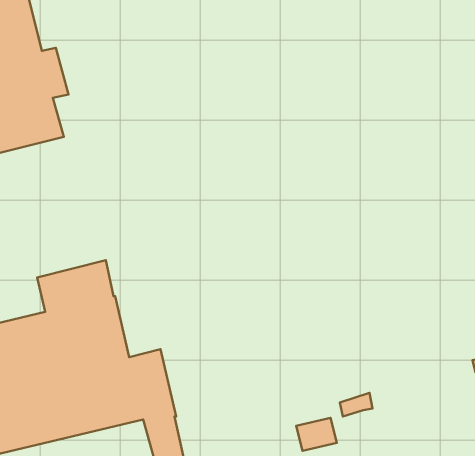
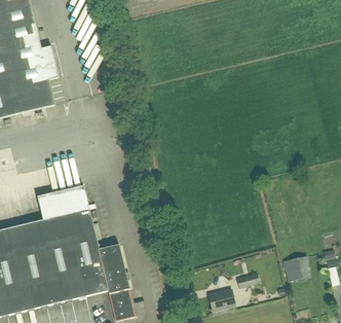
building: none -> [281,256,310,281]

